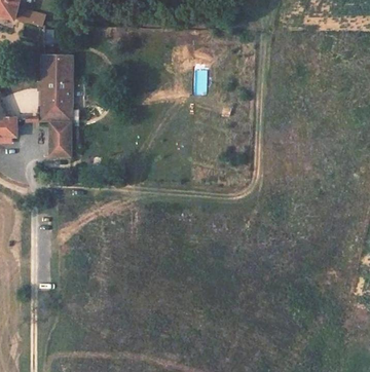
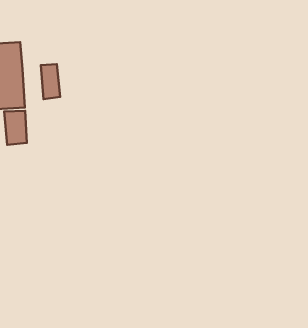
building: none -> [41,64,60,99]

